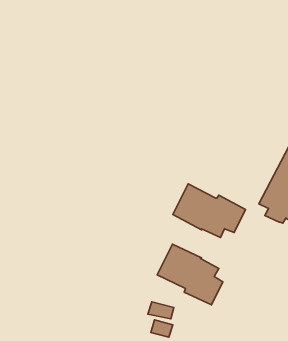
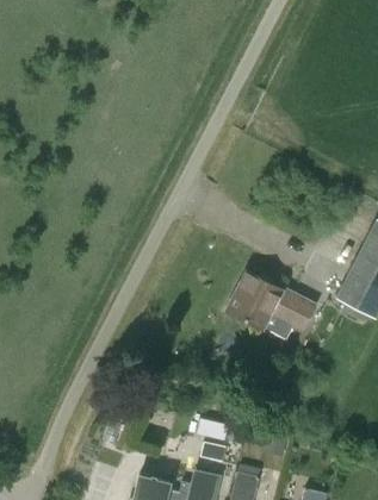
building: [157,244,223,305] -> none

